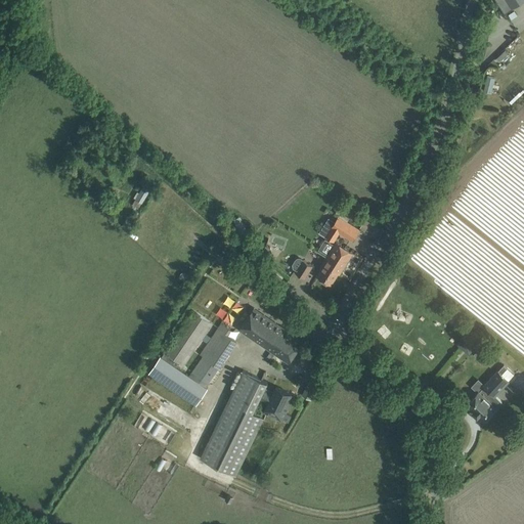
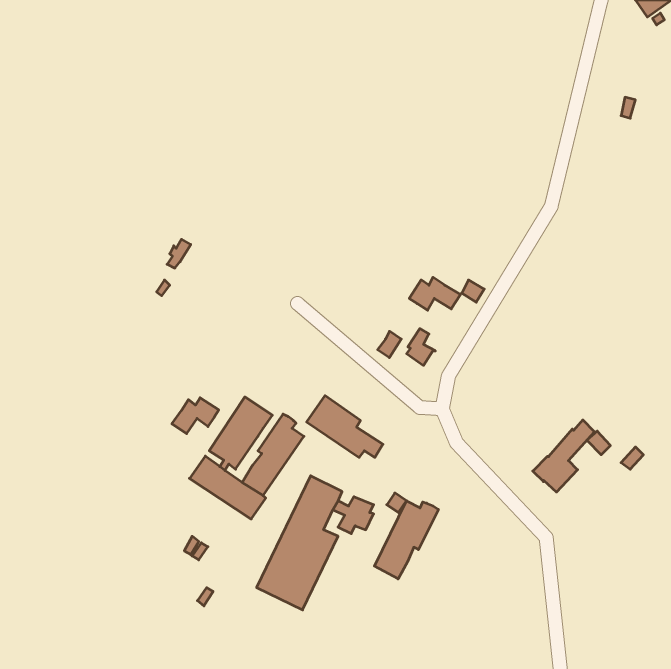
building: [317,244,351,275] -> none
building: none -> [172,398,219,434]
building: [466,365,514,422] -> [533,420,595,492]
building: none -> [374,501,438,579]

